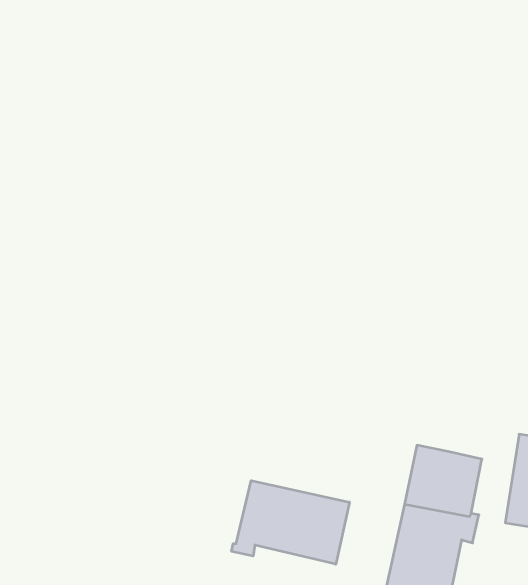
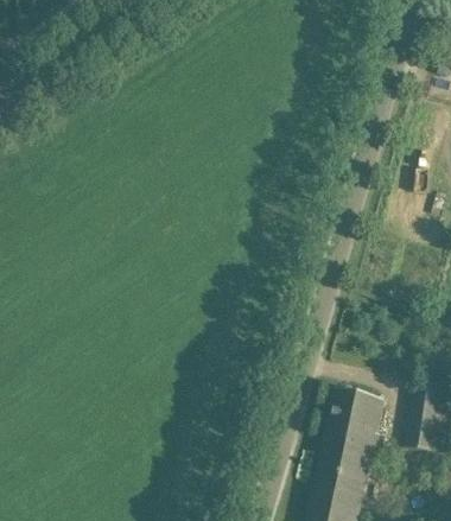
building: [232,481,349,564] -> none

